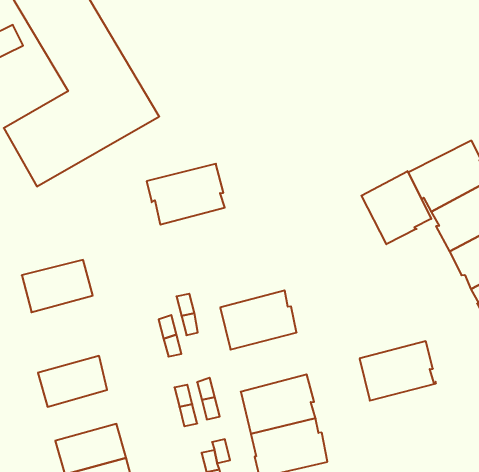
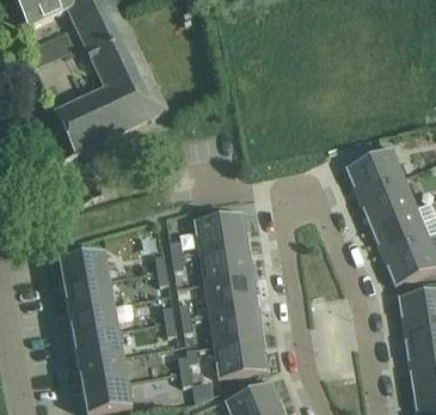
building: [147,164,225,225] -> [192,212,247,252]
building: [361,171,431,244] -> none
building: [22,260,93,312] -> [59,254,109,288]
building: [360,341,436,401] -> [204,275,258,315]
building: none -> [68,305,117,338]

